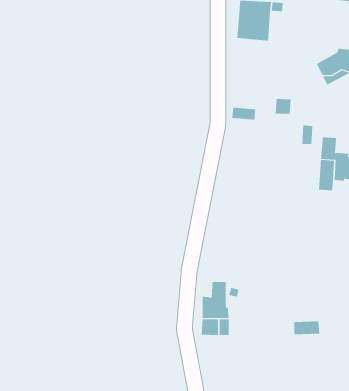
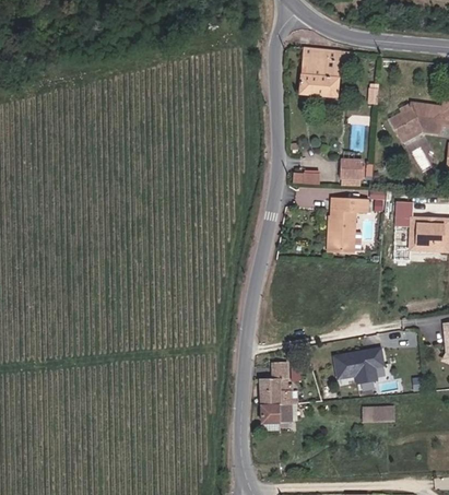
building: none -> [327,196,364,249]
building: none -> [334,345,388,384]

